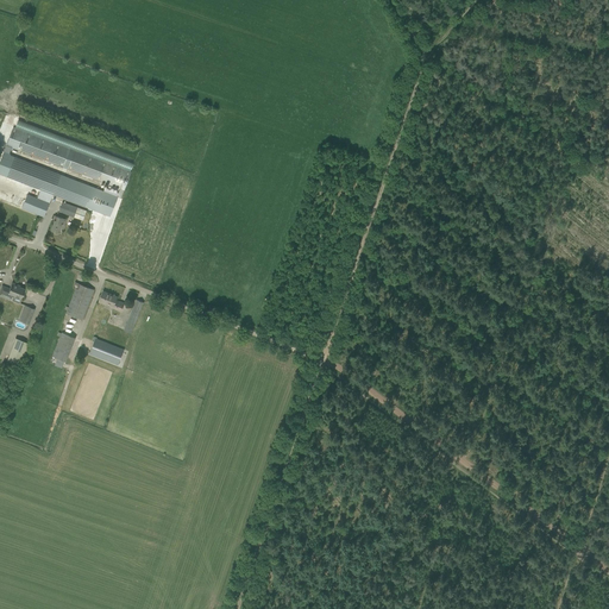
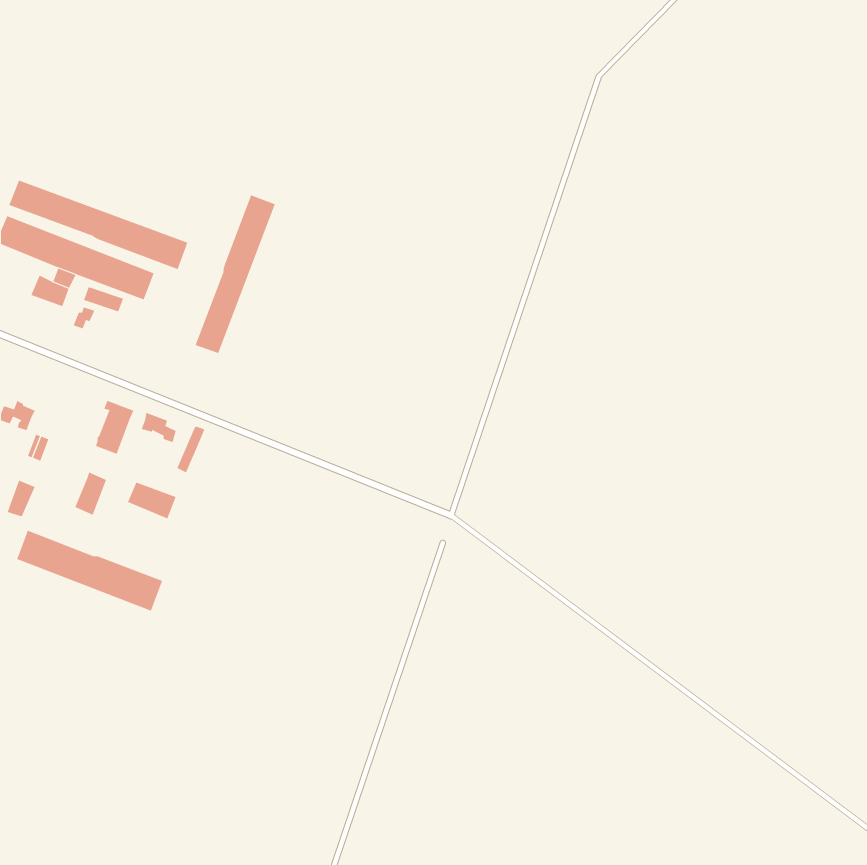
building: none -> [195,194,276,354]
building: none -> [17,530,163,612]

